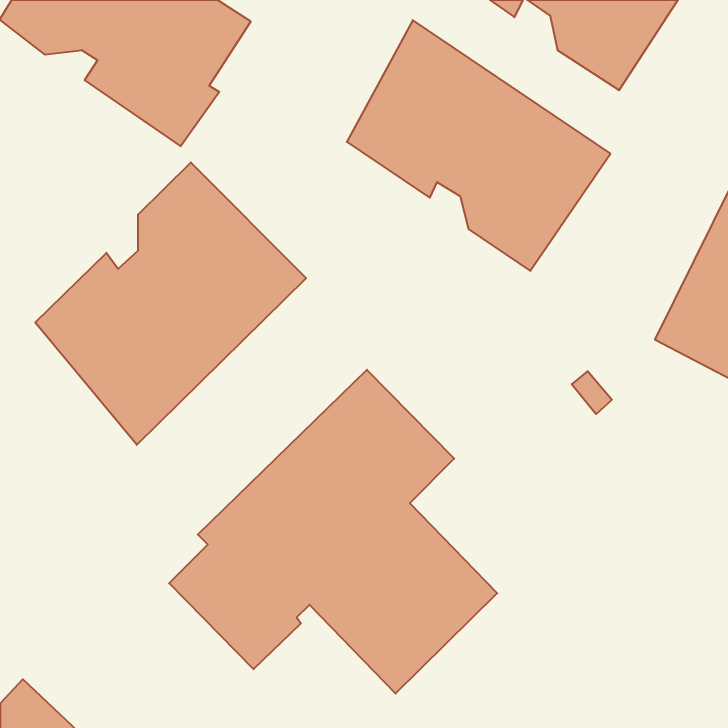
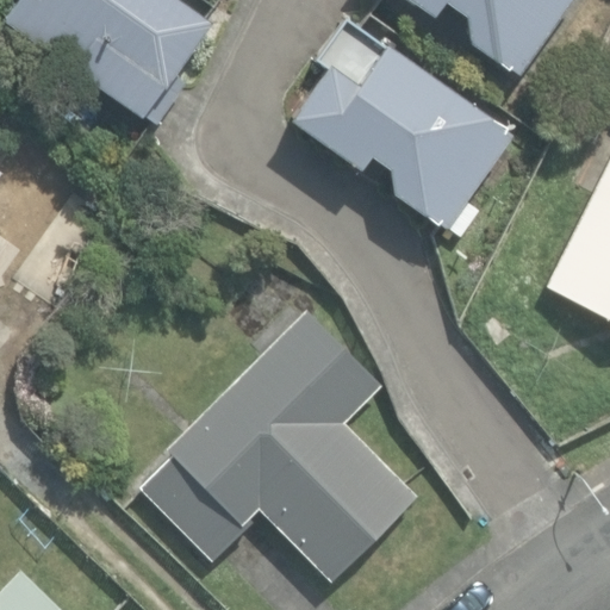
building: [35,162,306,445] -> none

